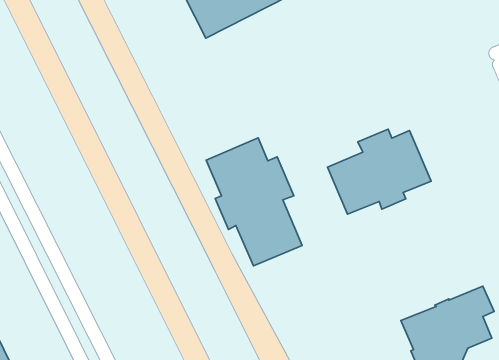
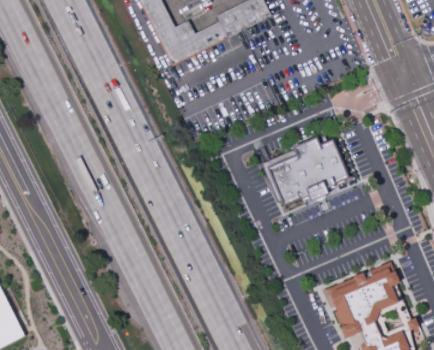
building: [206,138,302,266] -> none

